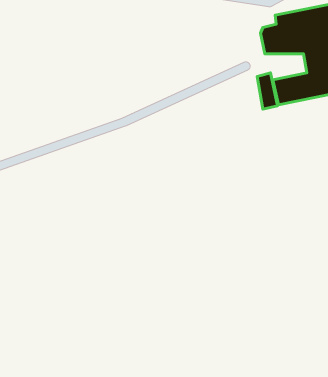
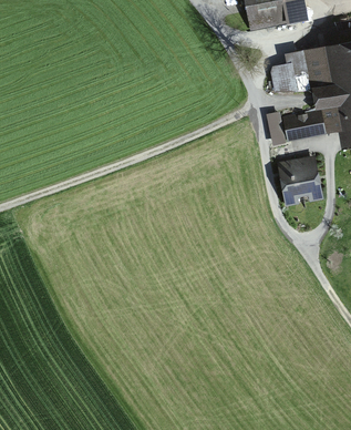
building: none -> [280,154,326,207]

